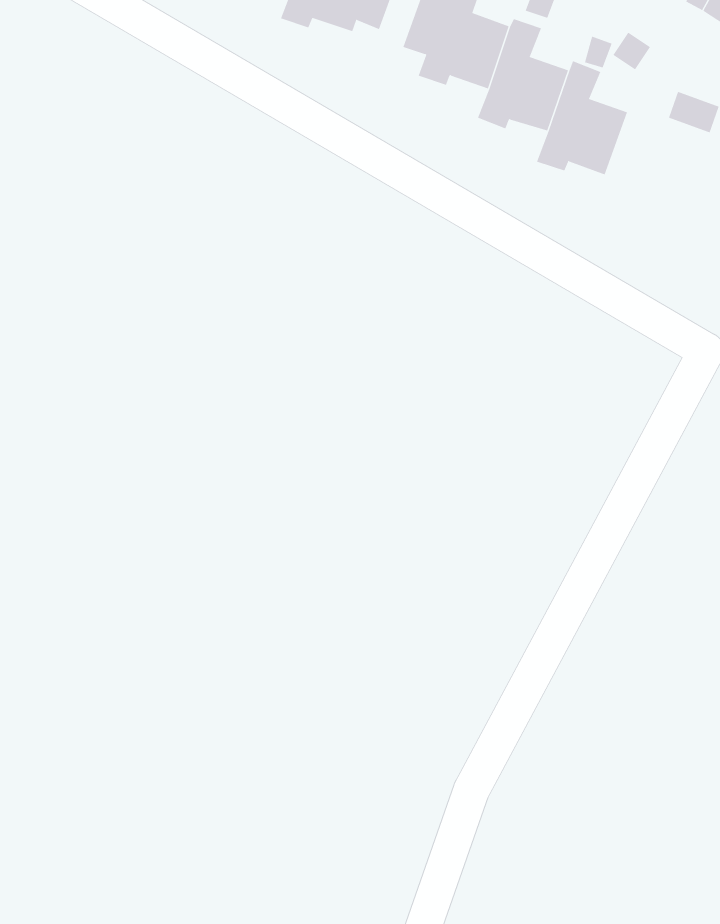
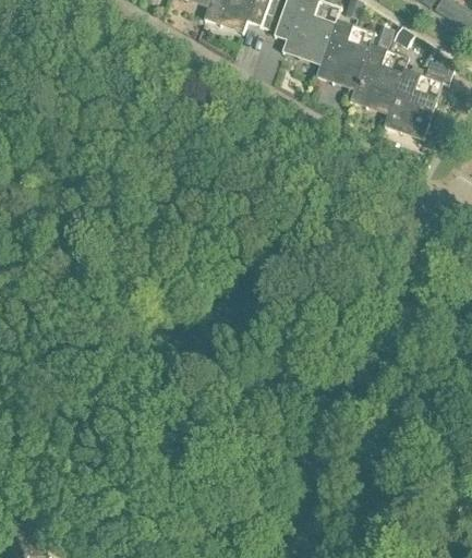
building: none -> [384,68,437,133]

